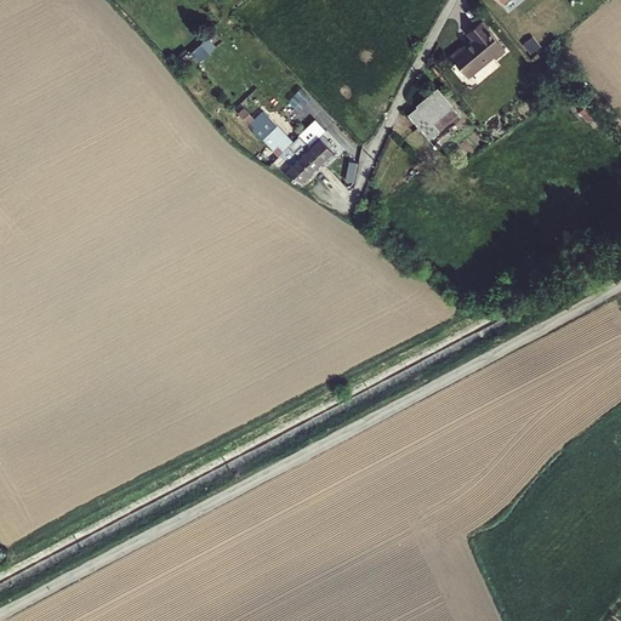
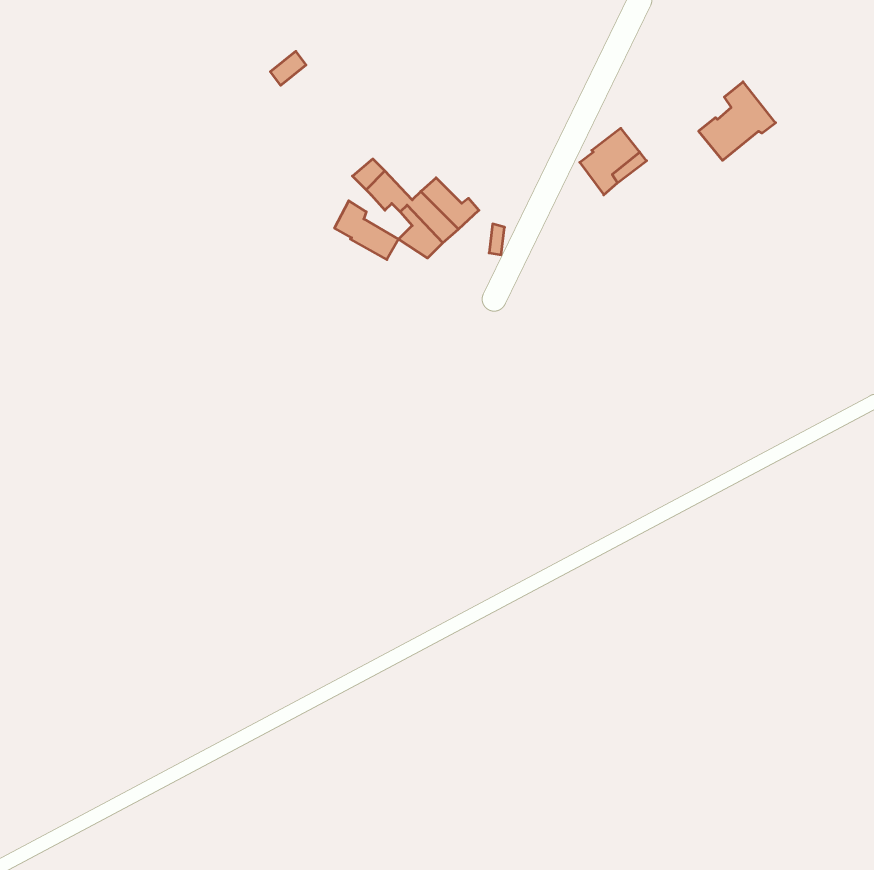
building: [449,21,503,76] -> [699,82,776,160]
building: none -> [335,201,399,260]

